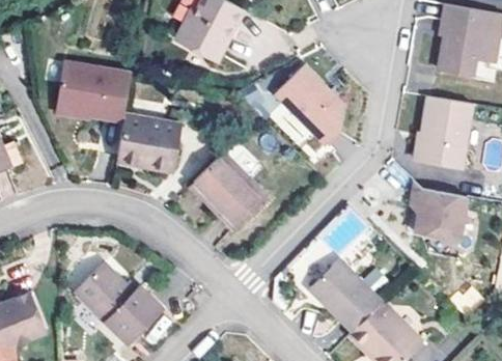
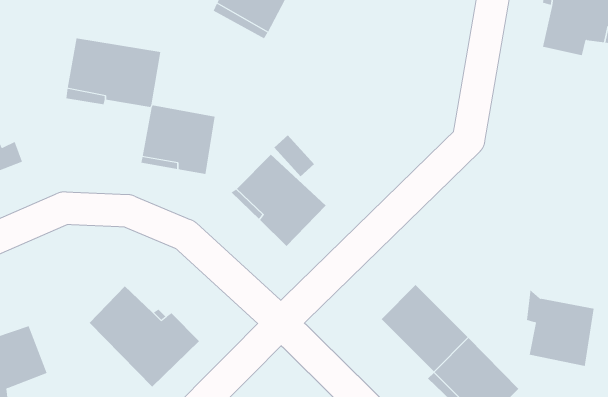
building: [277,62,345,142] -> none
building: [417,95,472,167] -> none
building: [412,182,467,244] -> [526,289,595,367]

